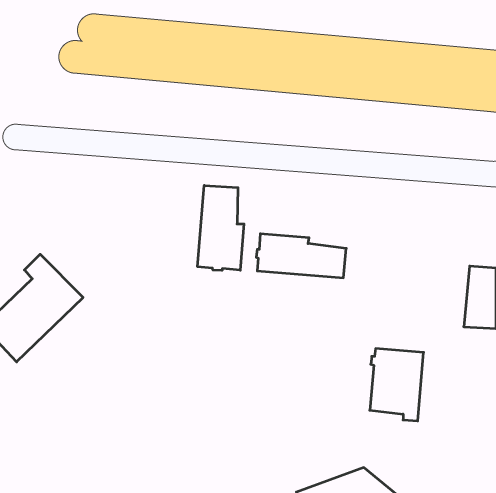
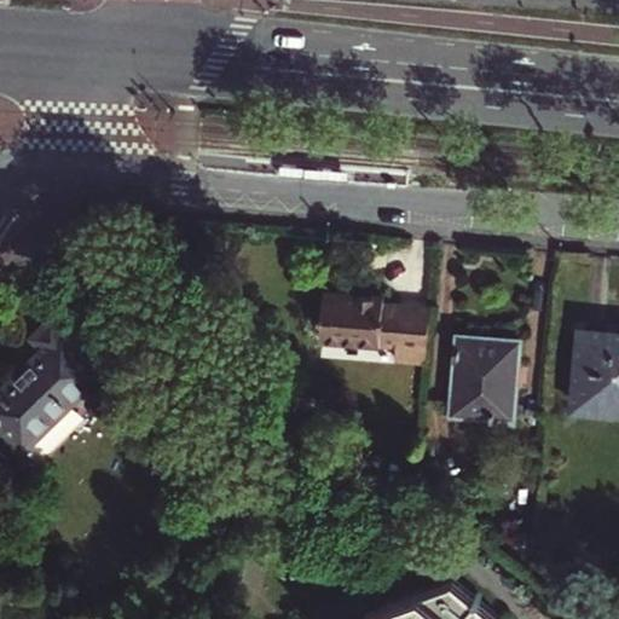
building: [198,185,244,270] -> none
building: [370,349,424,421] -> [449,342,515,432]

